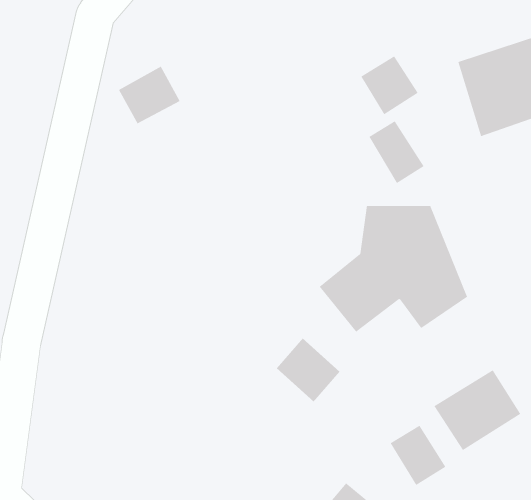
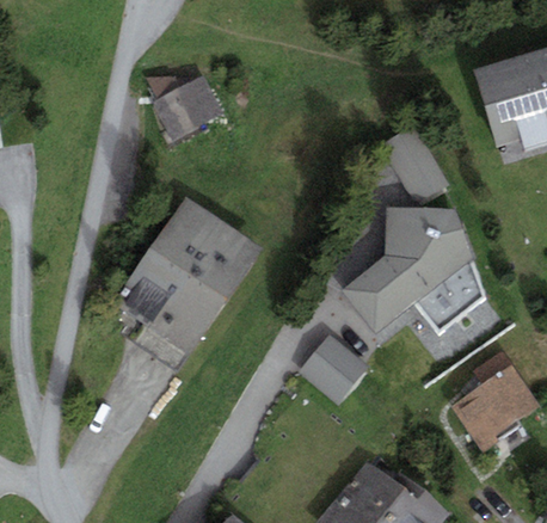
building: [360,55,419,115] -> none
building: none -> [112,202,253,355]
building: [390,425,446,486] -> none

